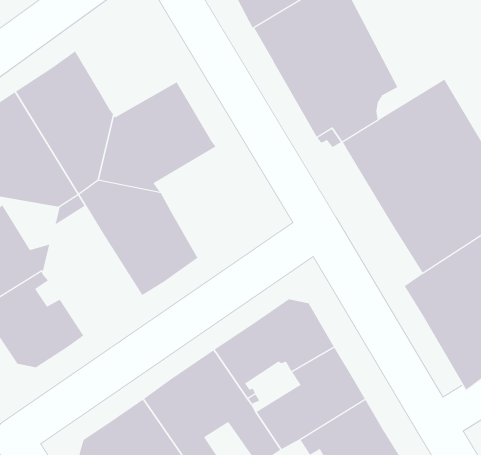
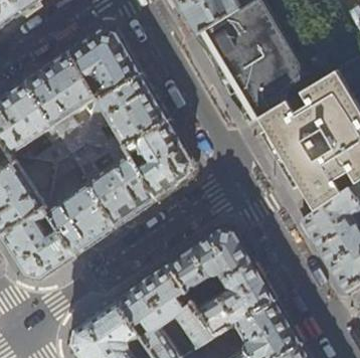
building: none -> [67,29,140,100]
building: none -> [124,121,192,200]
building: none -> [44,183,115,255]

